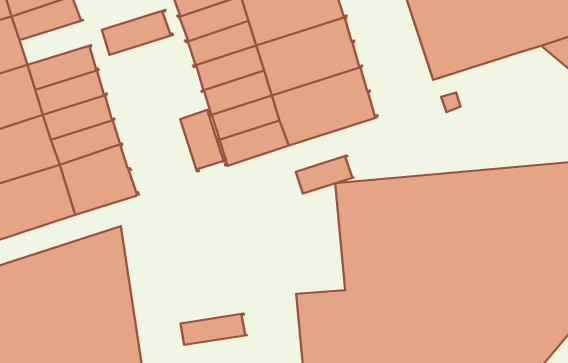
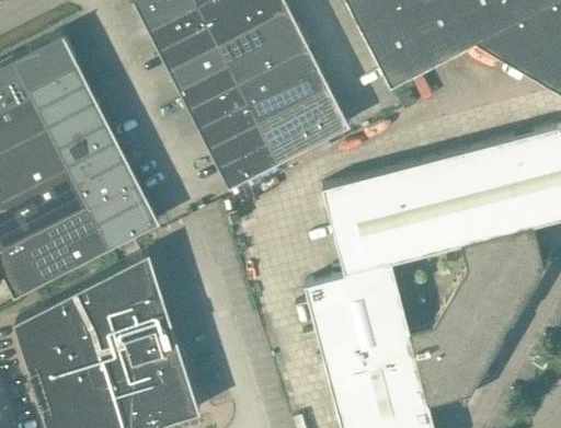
building: [102,10,173,55] -> [38,86,99,131]
building: [180,110,224,171] -> none
building: [296,155,354,194] -> none
building: [181,314,247,345] -> none

